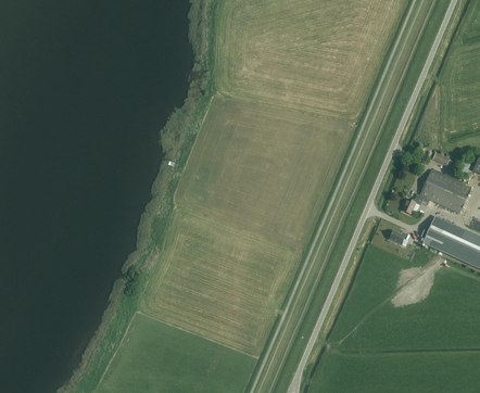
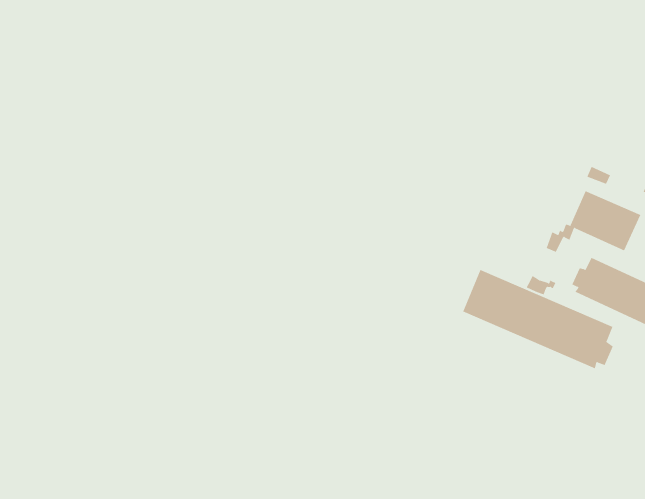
building: none -> [462,269,614,369]

